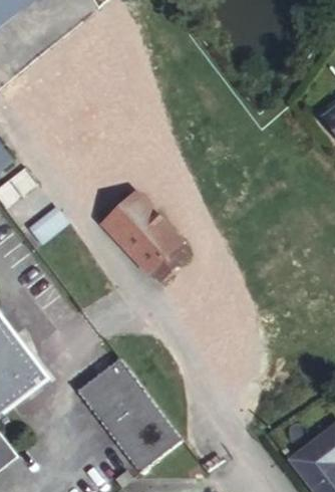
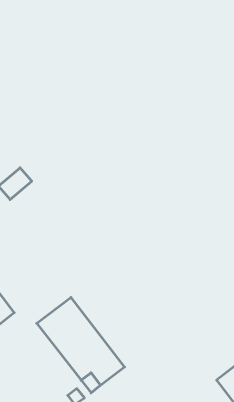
building: [101,192,188,280] -> none

